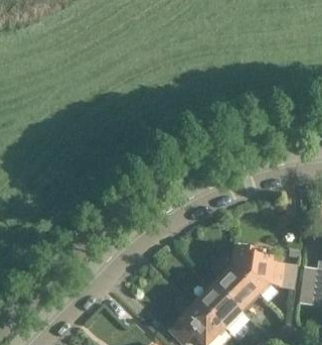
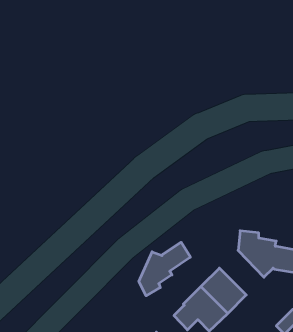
building: none -> [139,242,190,296]
building: [215,264,259,308] -> none

